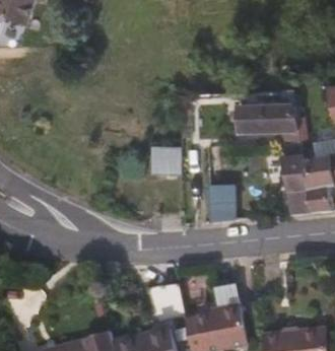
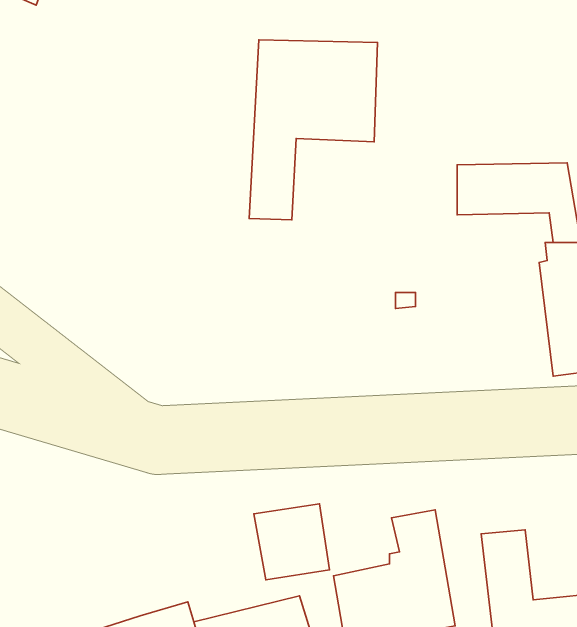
building: none -> [249,40,377,220]
building: [156,147,186,176] -> none
building: [212,184,249,222] -> none

